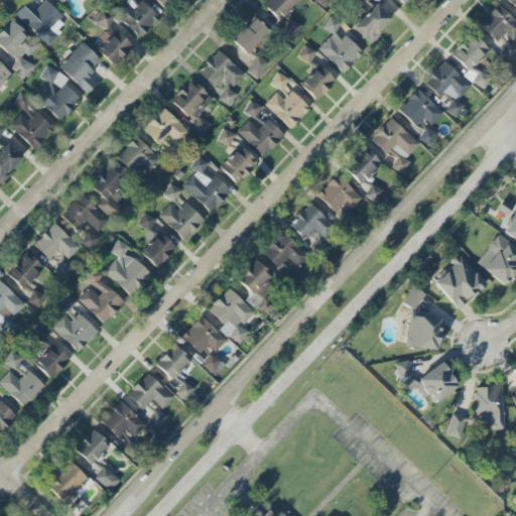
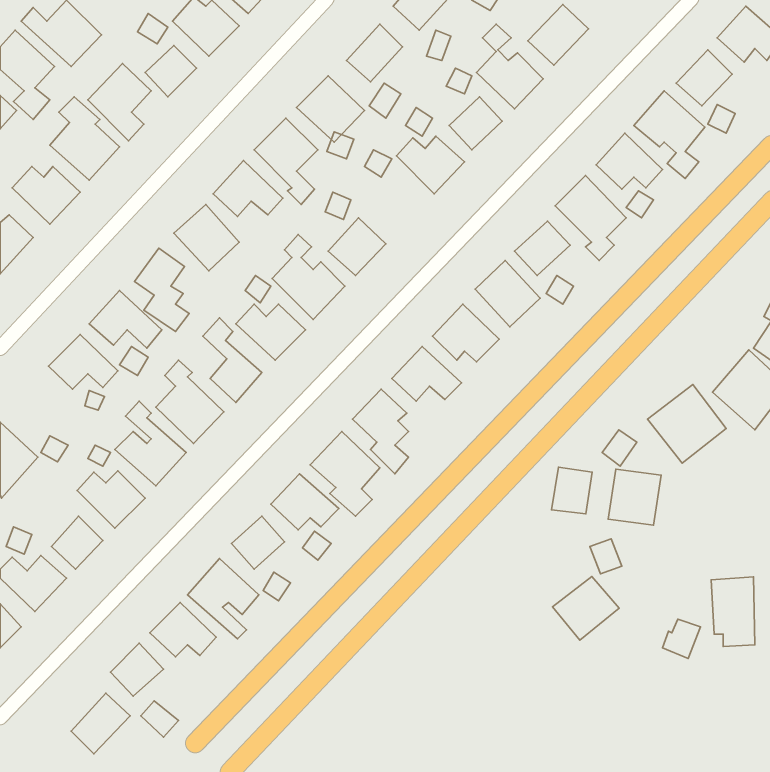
building: [239,119,285,156] -> none
building: [7,251,45,289] -> none
building: none -> [551,467,592,514]
building: [416,363,461,405] -> [553,576,619,640]

